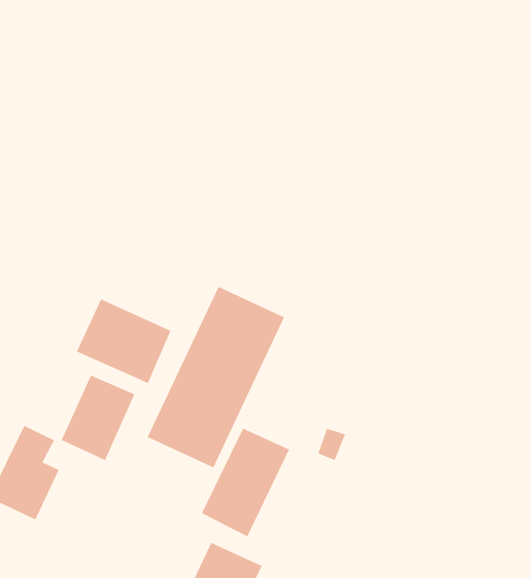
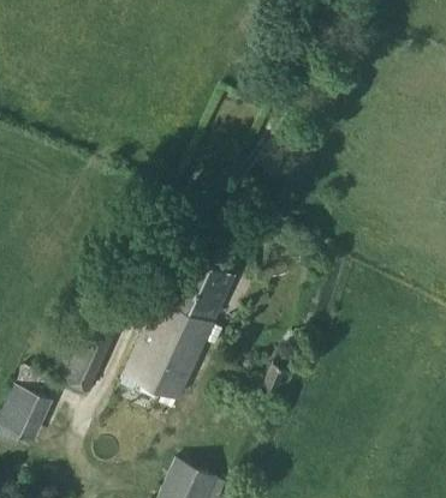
building: [76,298,171,384] -> none
building: [201,428,290,537] -> none

